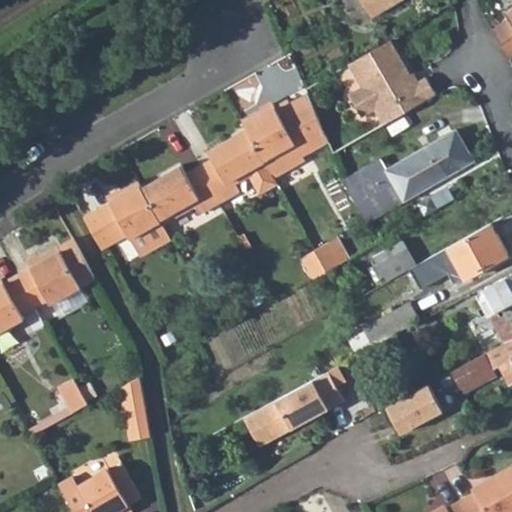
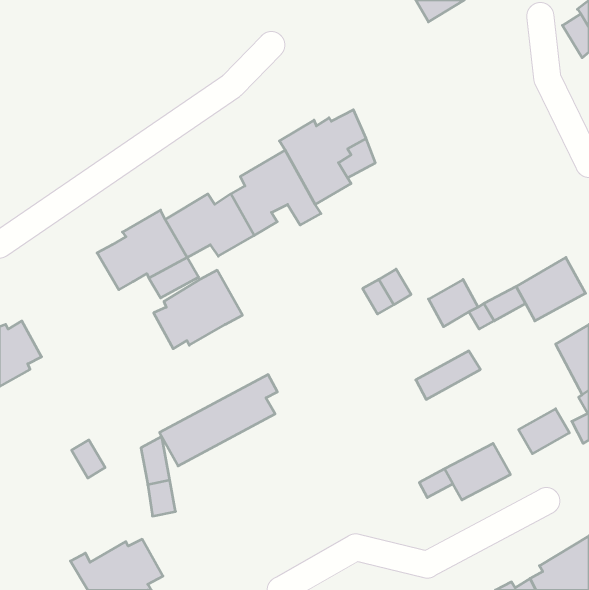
building: [349,41,435,125] -> none
building: [348,130,471,221] -> none
building: [19,241,96,309] -> [154,270,242,349]
building: [244,365,346,444] -> [160,375,277,466]

